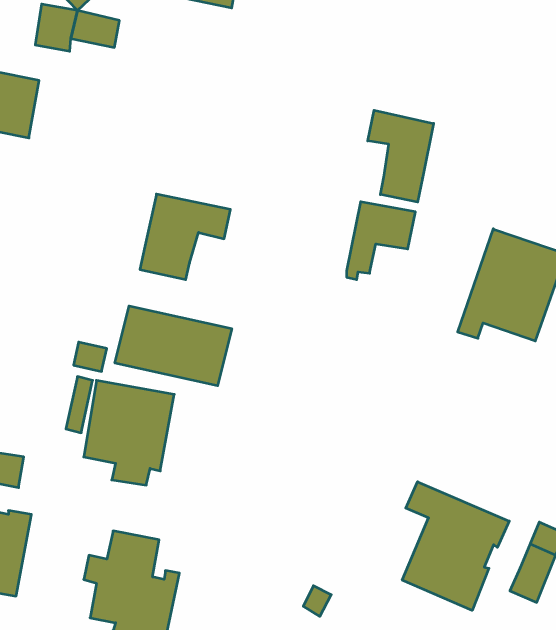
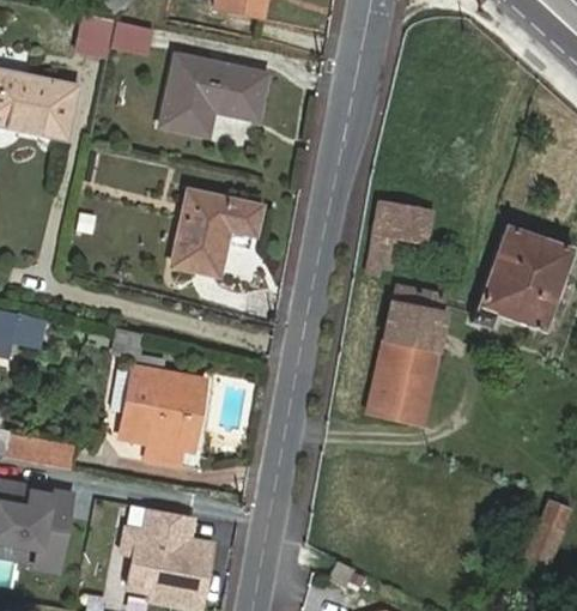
building: none -> [163,55,266,134]
building: [368,110,434,202] -> none
building: none -> [369,284,448,422]
building: [115,306,232,386] -> none
building: [402,482,509,610] -> none

